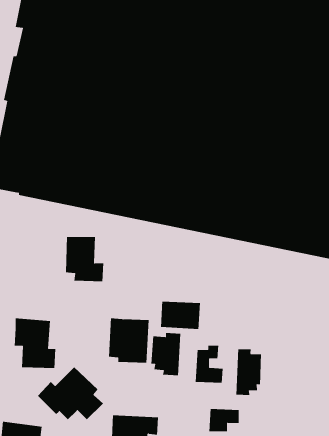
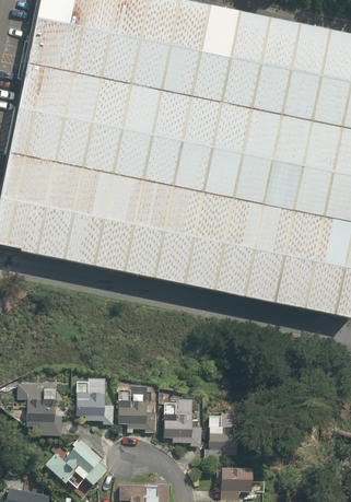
building: [65,237,104,282] -> [73,374,114,421]
building: [160,301,201,330] -> none
building: [236,348,262,396] -> none

